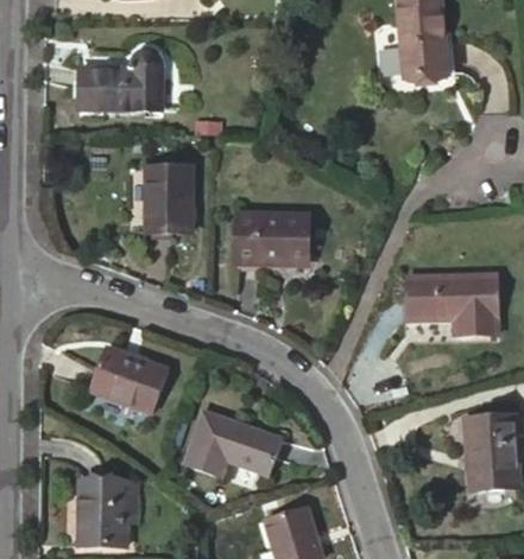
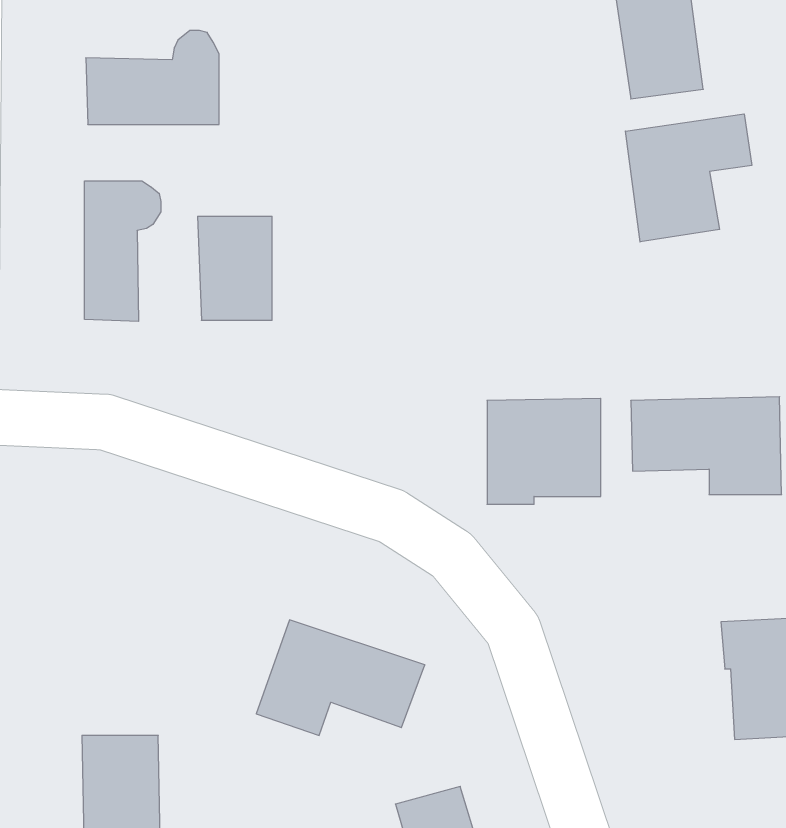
building: none -> [625,114,752,242]
building: none -> [85,181,161,321]
building: [238,198,307,262] -> [487,398,601,504]
building: [89,345,166,411] -> none

